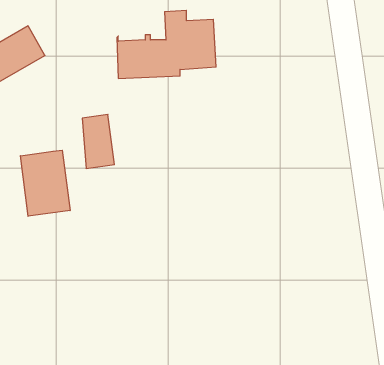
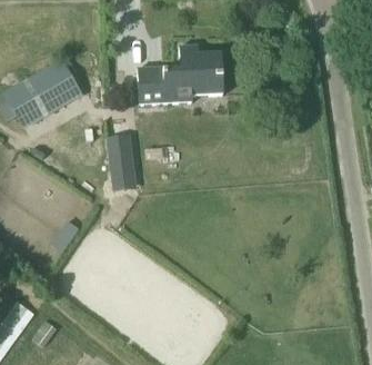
building: [20,150,70,216] -> none

